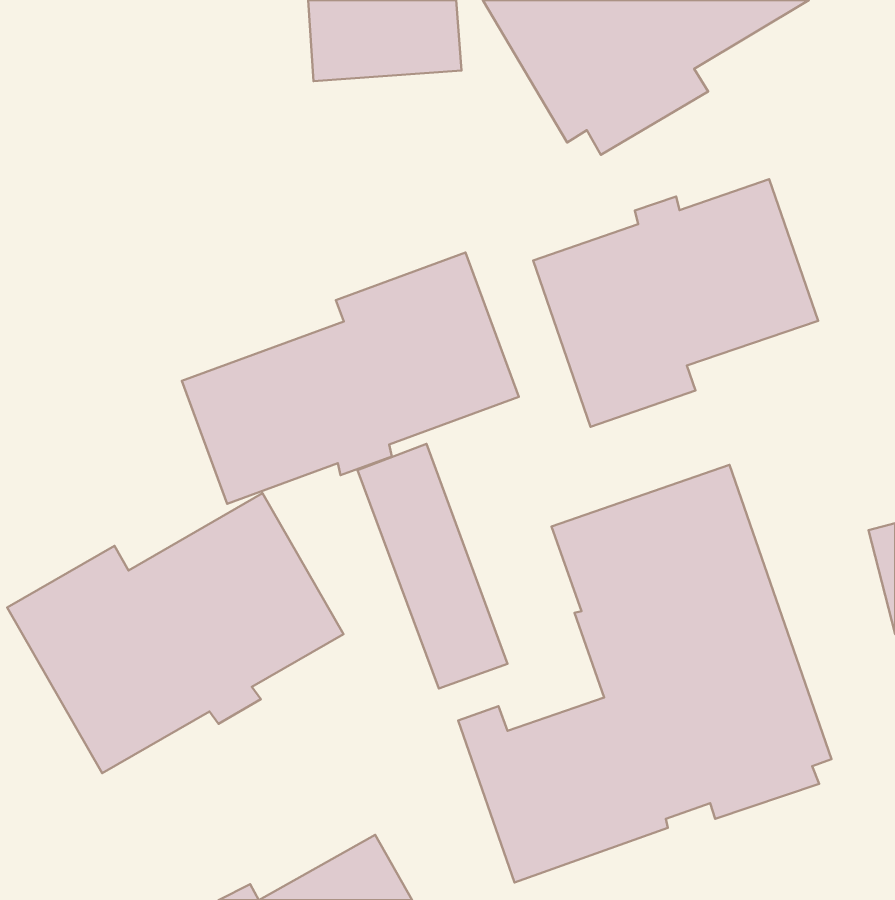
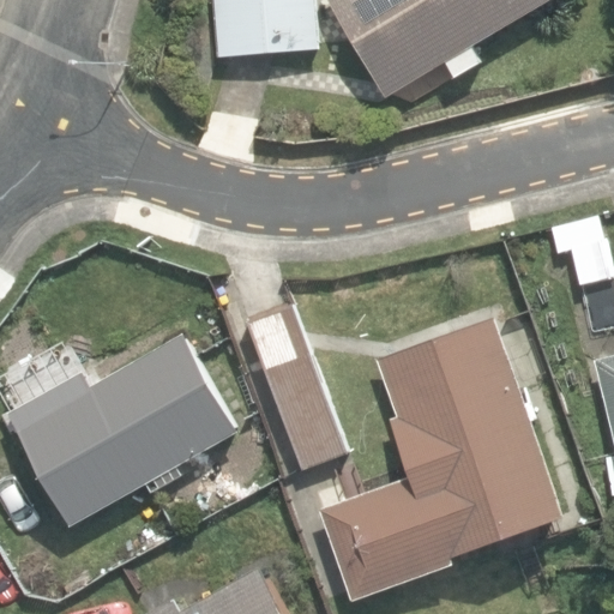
building: [533,179,818,427] -> none
building: [182,252,519,504] -> none

